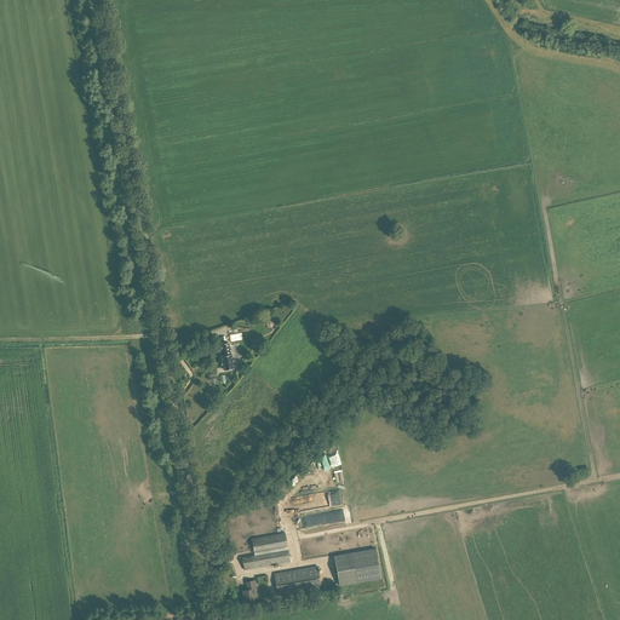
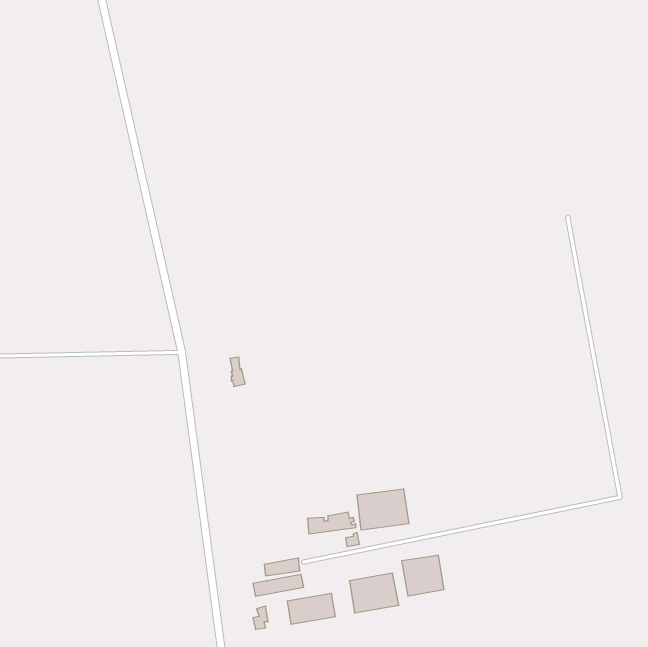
building: none -> [357,489,409,530]
building: none -> [402,555,444,596]

